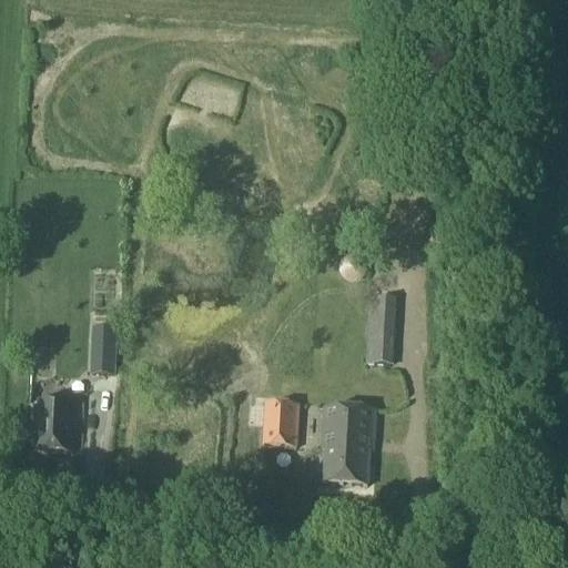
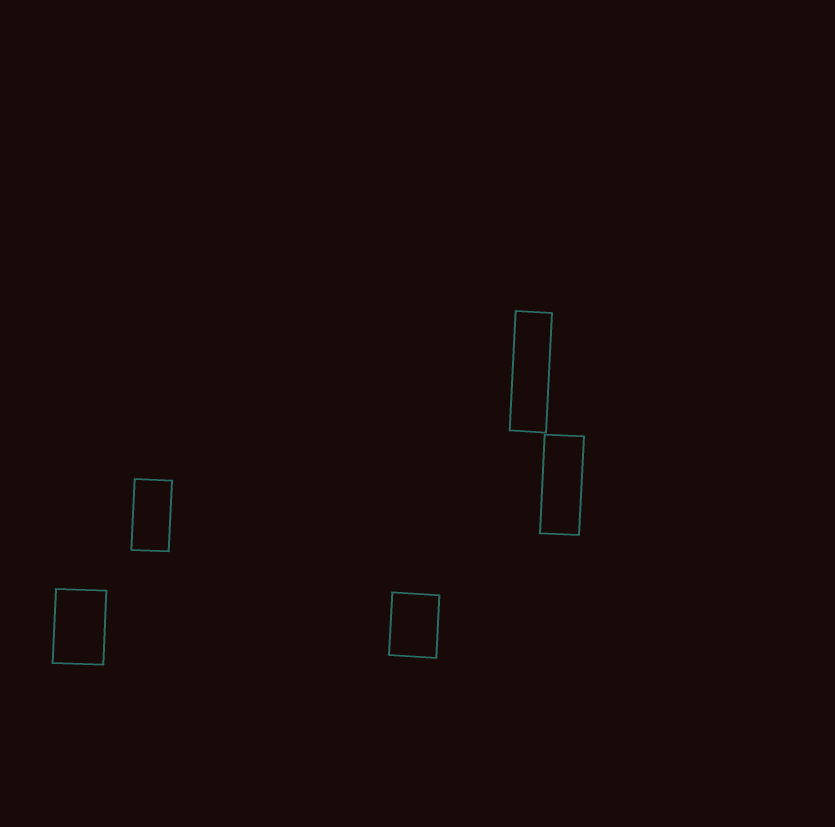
building: none -> [510,311,552,433]
building: [324,404,376,483] -> none

